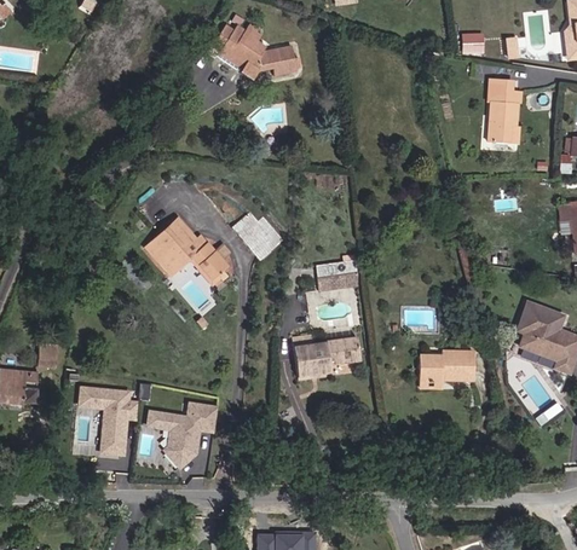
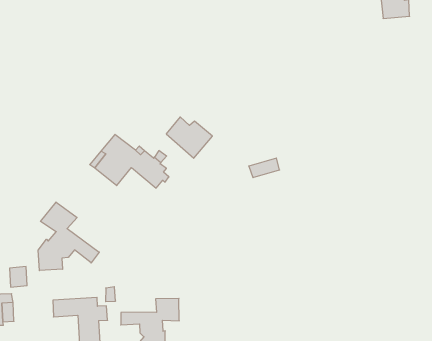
building: none -> [38,202,99,271]
building: [292,334,360,381] -> none
building: [419,351,474,382] -> none

